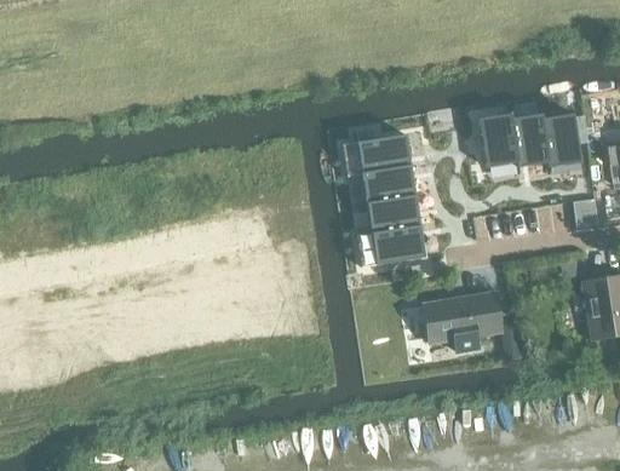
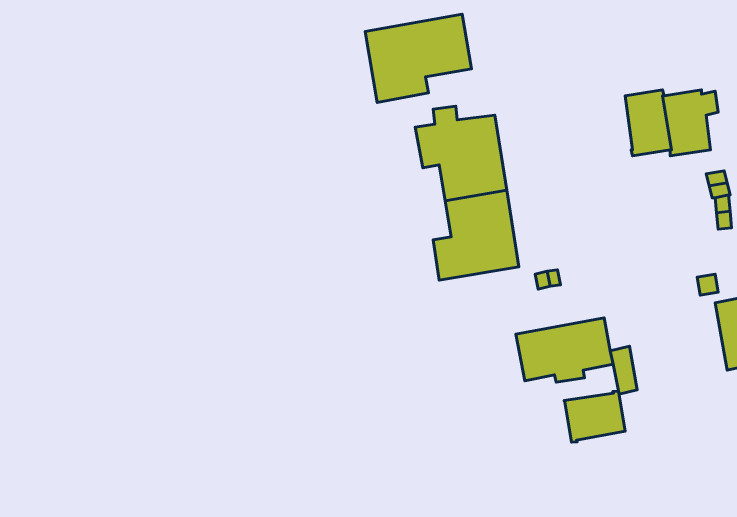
building: none -> [365,14,471,102]
building: [478,113,517,166] -> none
building: none -> [564,391,625,442]

